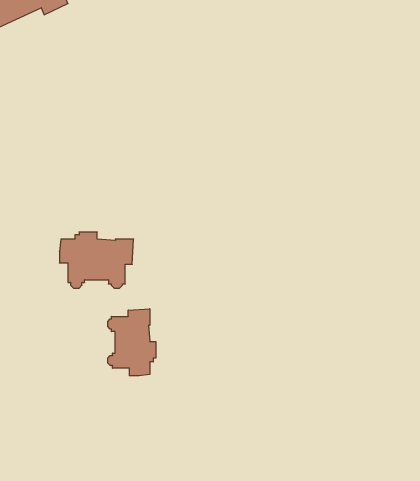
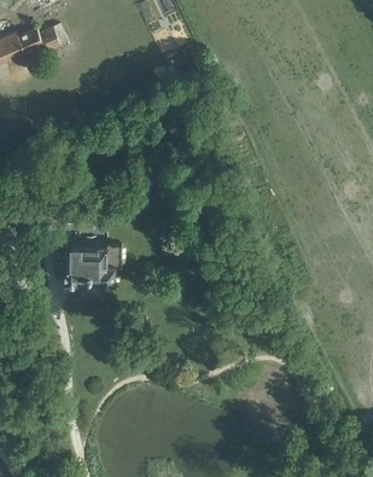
building: [108,309,156,376] -> none

